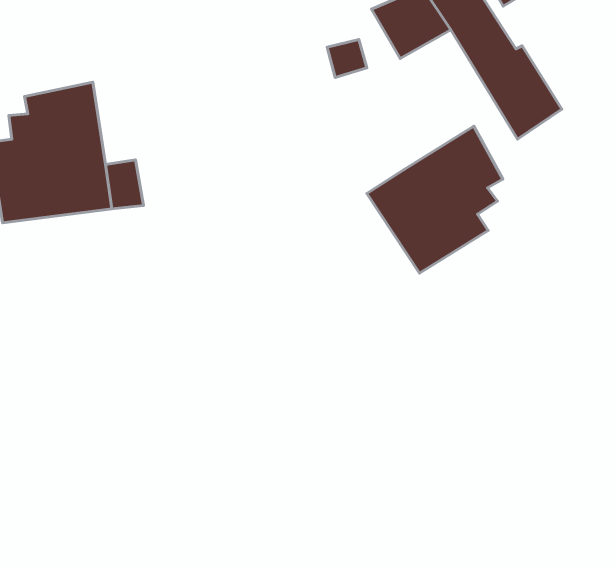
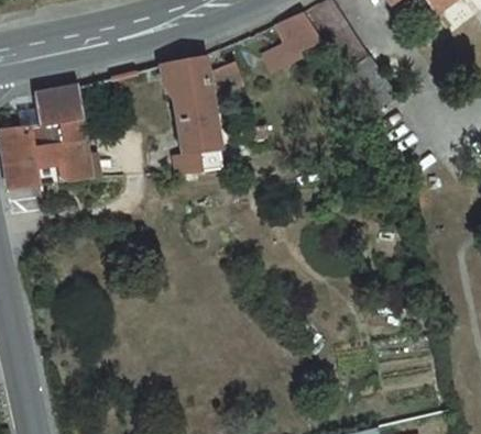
building: none -> [161,62,237,165]
building: [367,126,503,273] -> none

